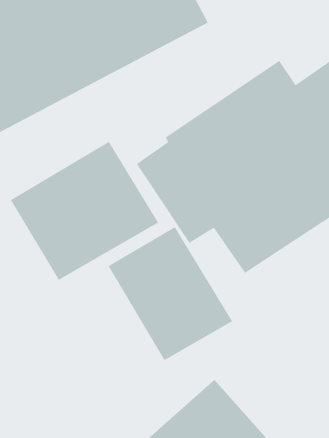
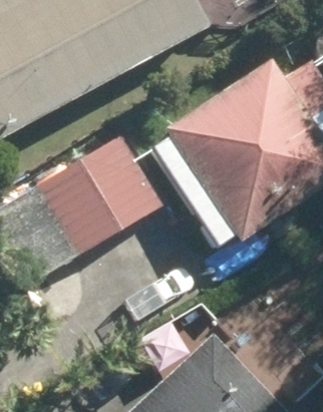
building: [108,226,233,361] -> none

